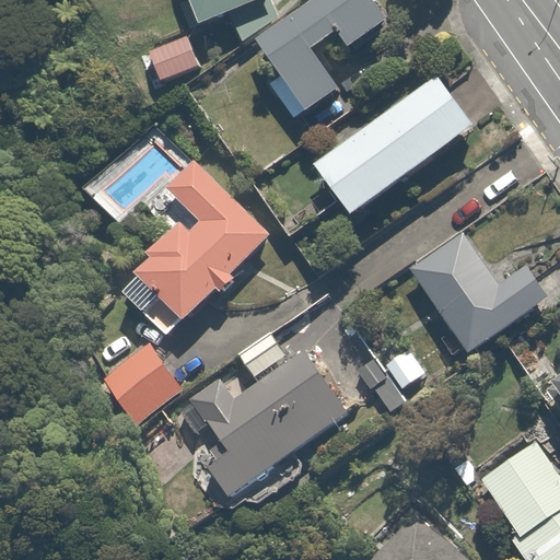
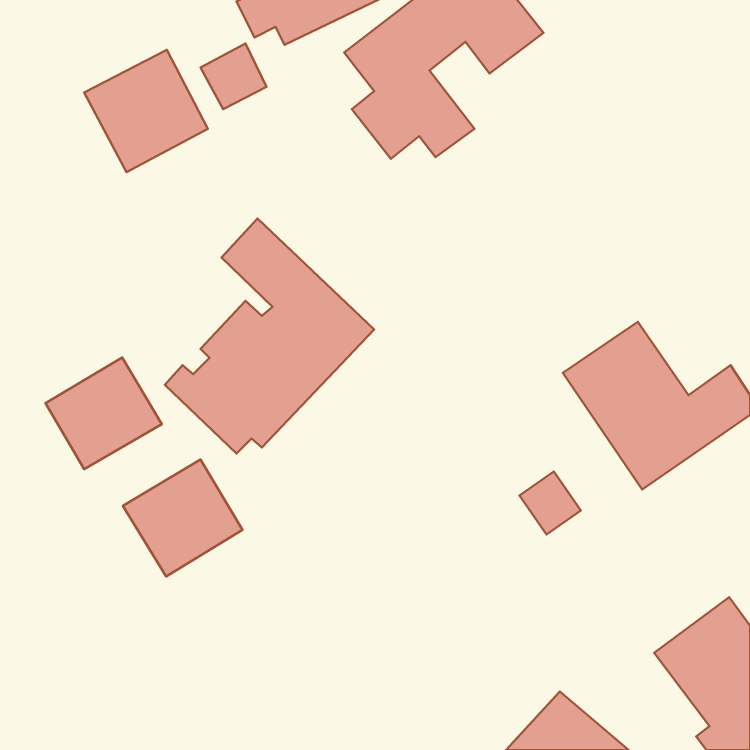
building: none -> [84,50,208,172]
building: [320,71,486,218] -> none
building: none -> [46,358,162,469]
building: [167,334,345,494] -> none

